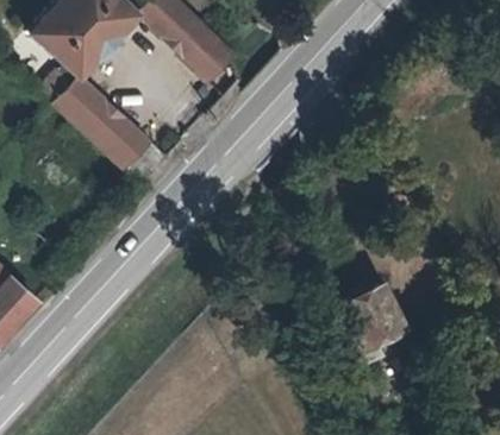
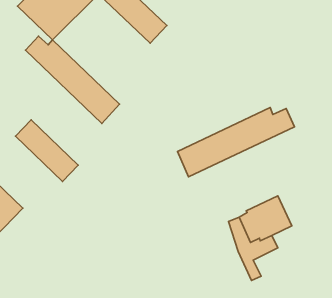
building: none -> [178,108,294,177]
building: none -> [15,120,78,181]

